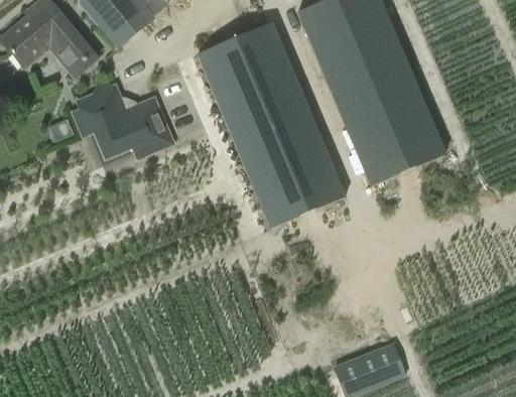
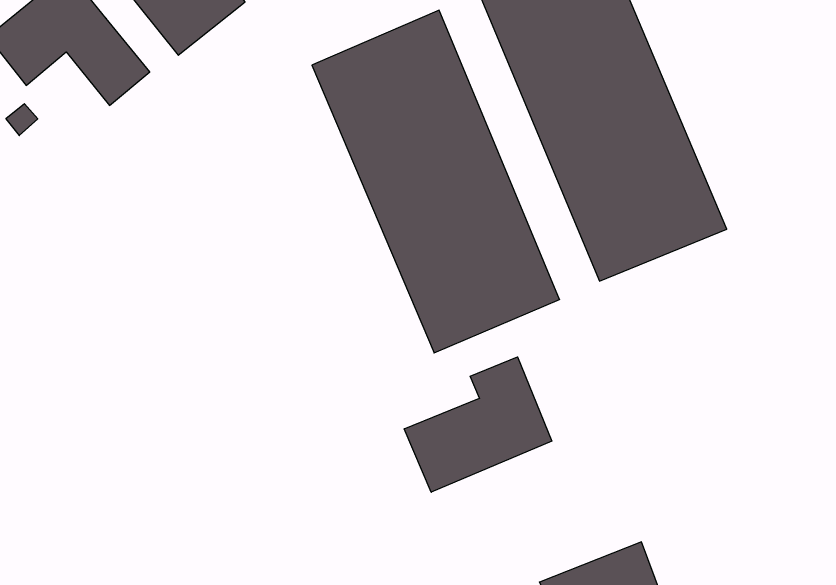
building: [77,84,170,156] -> none
building: none -> [404,357,552,492]

